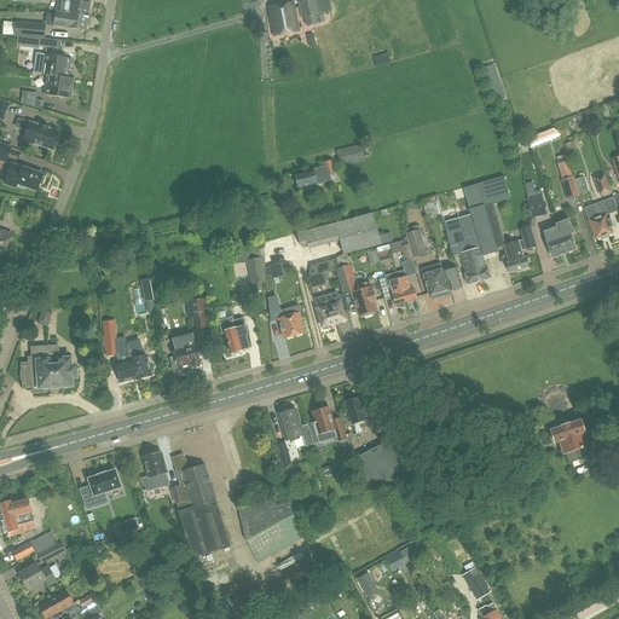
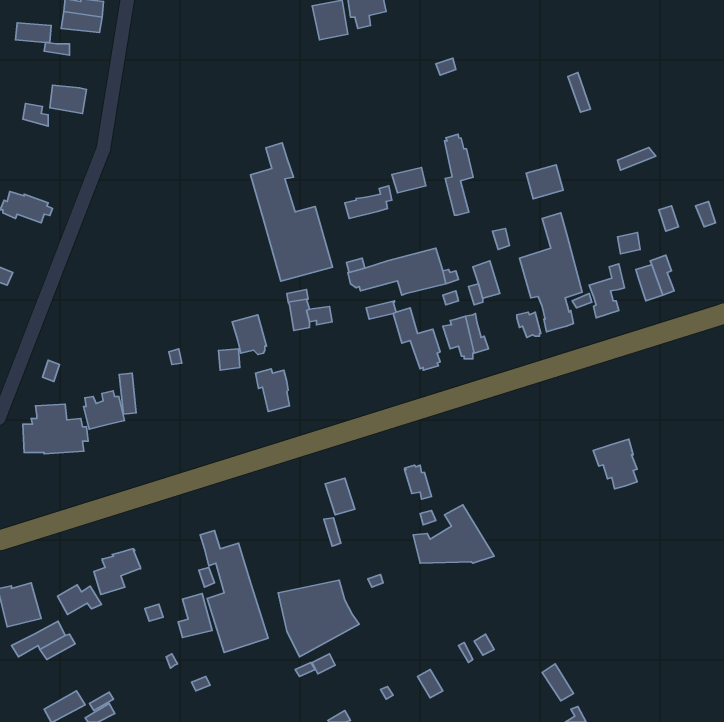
building: [39,52,70,75] -> none
building: none -> [445,134,473,215]
building: [17,118,57,147] -> none
building: none -> [250,143,332,281]
building: [478,174,509,203] -> [526,165,563,199]
building: [584,198,612,238] -> none
building: [420,262,449,297] -> none
building: [312,290,343,328] -> none
building: [277,303,302,337] -> none
building: [170,332,199,366] -> [232,315,266,355]
building: [115,348,150,381] -> [83,391,125,429]
building: [307,406,345,440] -> none
building: [549,418,586,461] -> [593,439,637,489]
building: [139,452,168,490] -> [178,593,212,637]
building: [18,562,56,588] -> [57,585,101,614]

